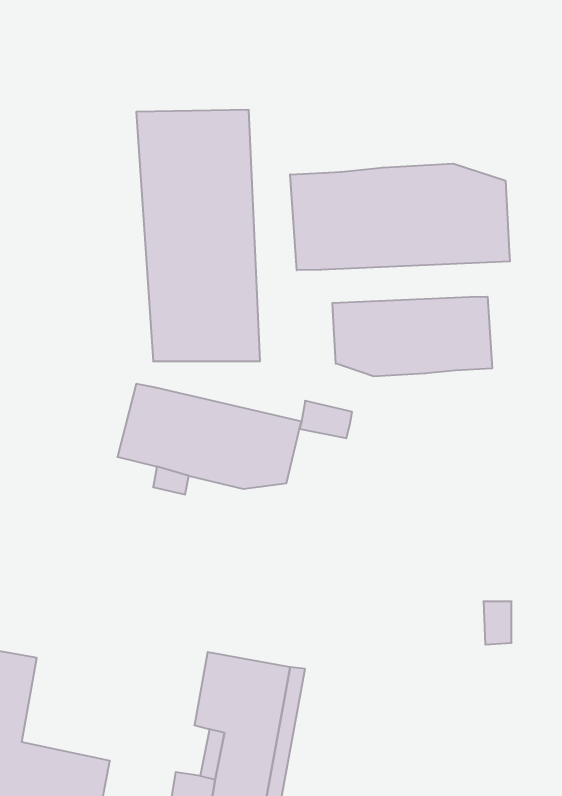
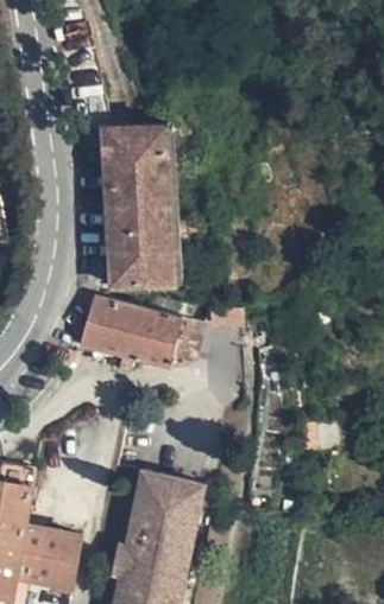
building: [290,164,510,270] -> none
building: [332,297,492,376] -> none

